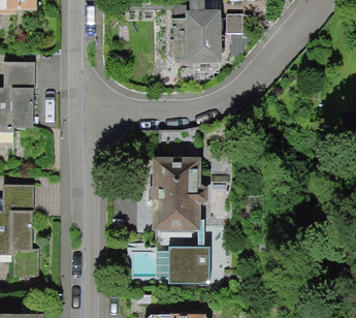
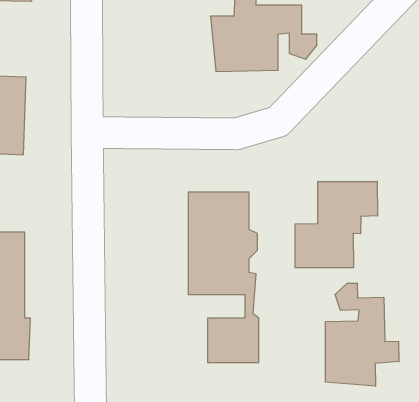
building: none -> [295,181,377,268]
building: none -> [326,283,399,386]

